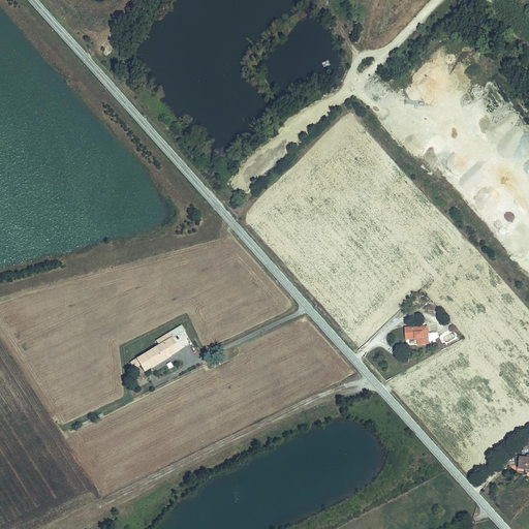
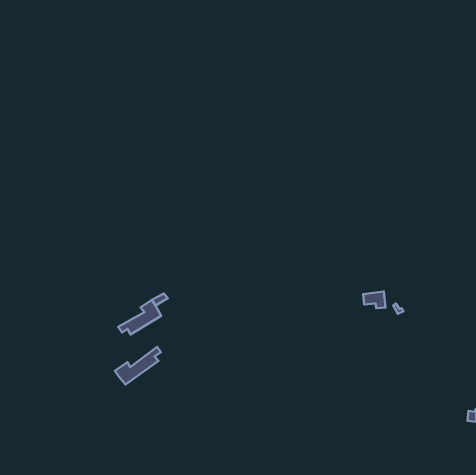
building: none -> [115,347,161,385]

